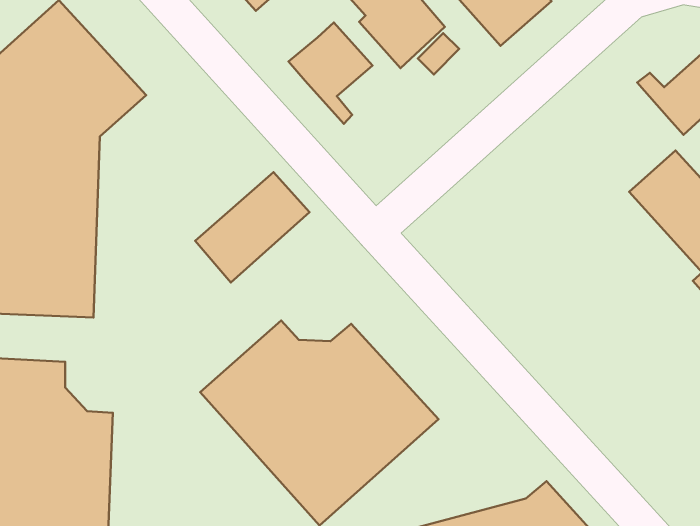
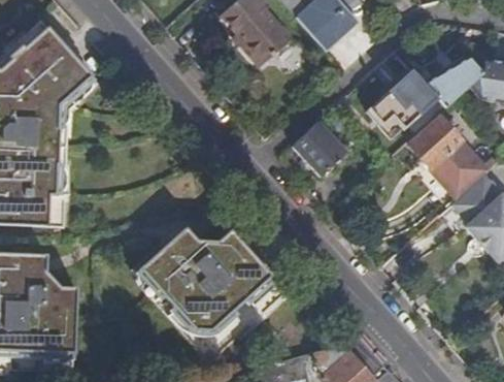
building: [288,23,372,124] -> none
building: none -> [367,69,435,137]
building: none -> [292,120,345,174]
building: [195,172,310,282] -> none

